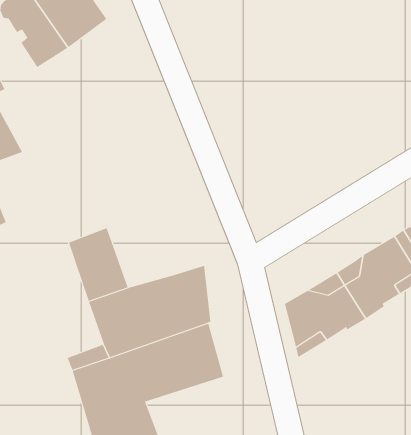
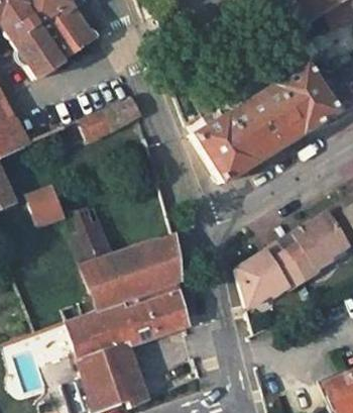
building: none -> [193,66,335,184]
building: none -> [83,100,140,140]
building: none -> [29,187,65,226]

